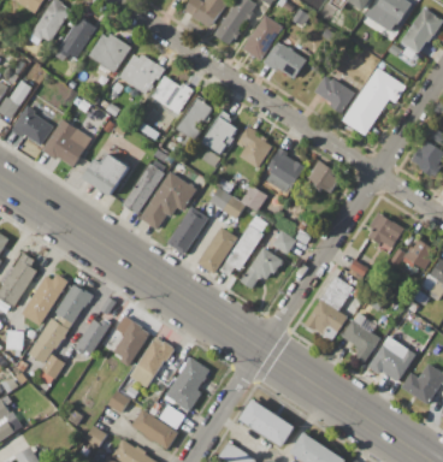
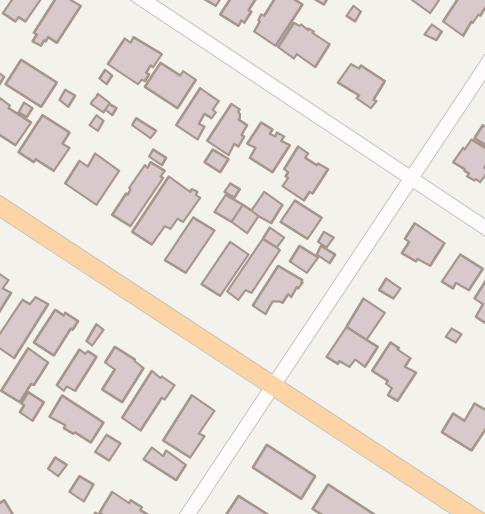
building: [87,34,130,73] -> none
building: [342,69,404,136] -> none
building: [307,160,342,192] -> [281,201,322,239]
building: [368,337,414,380] -> none
building: [131,409,177,449] -> [50,395,103,442]

